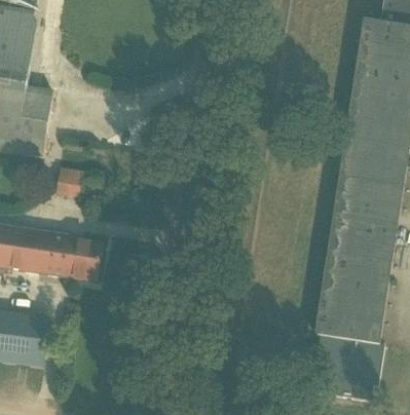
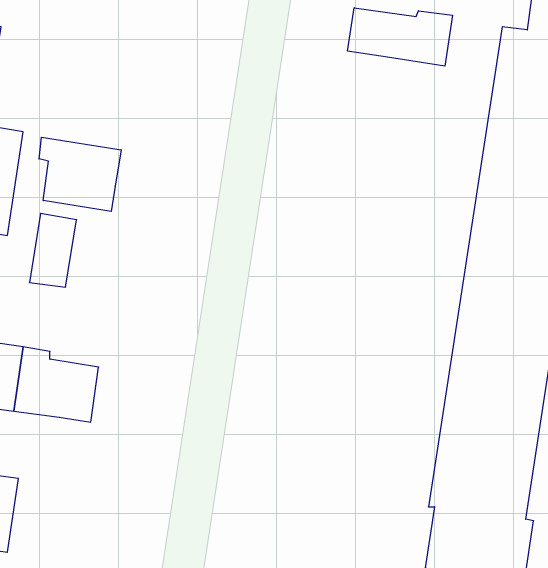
building: none -> [348,8,452,66]
building: none -> [39,137,121,211]

